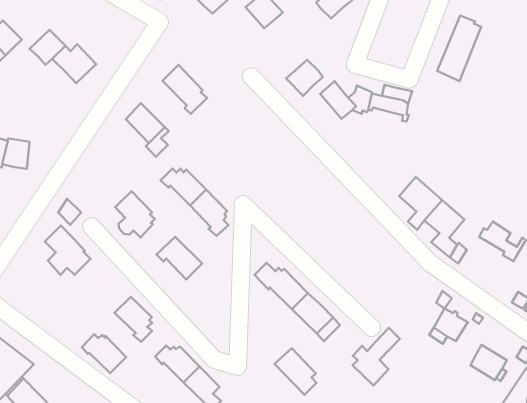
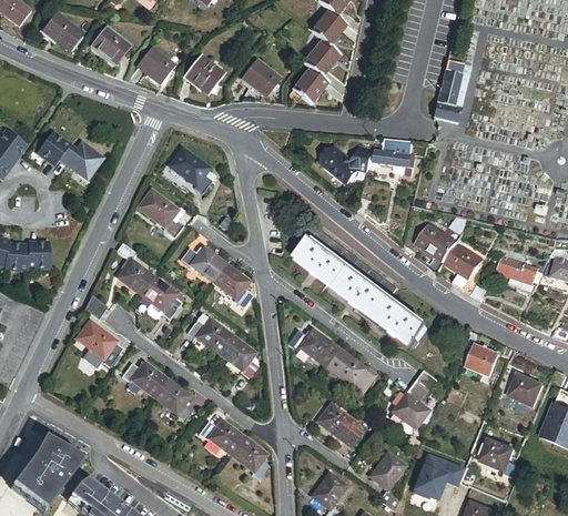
building: [286,60,323,96] -> [293,72,328,108]
building: none -> [118,243,154,294]
building: none -> [294,226,428,348]
building: none -> [220,336,256,378]
building: [82,334,126,373] -> [124,361,169,396]

